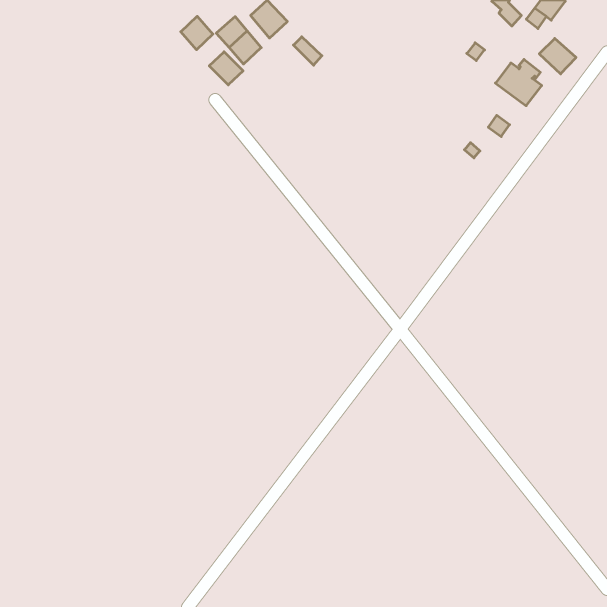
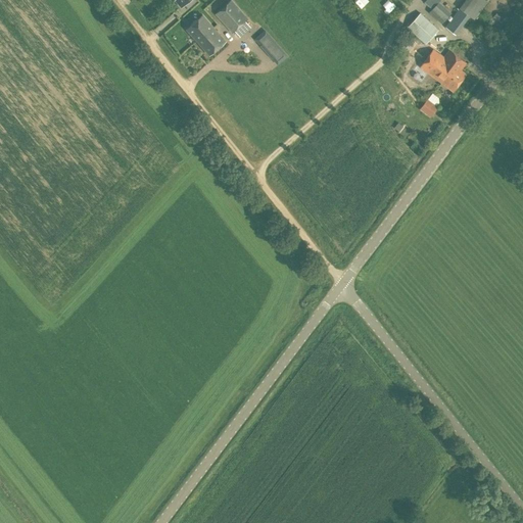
building: [181,16,213,50] -> none
building: [539,38,576,74] -> [407,13,438,44]
building: [209,52,243,85] -> none

